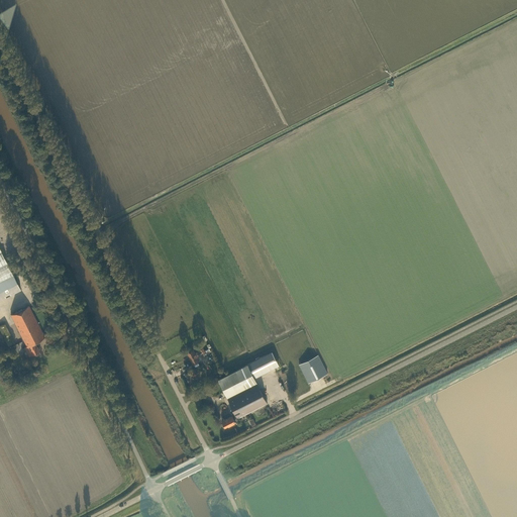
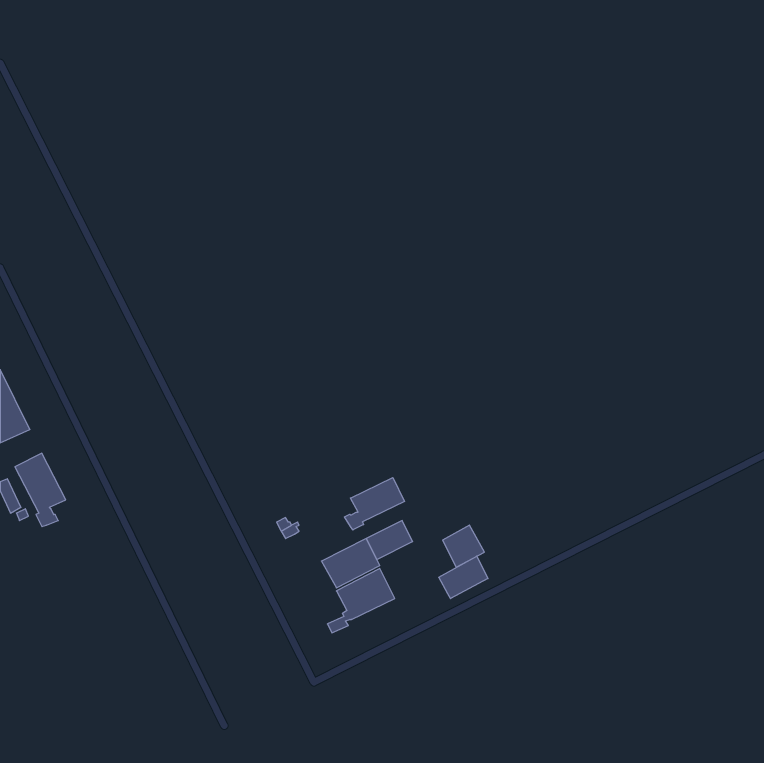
building: none -> [344,478,405,530]
building: none -> [439,556,488,599]

